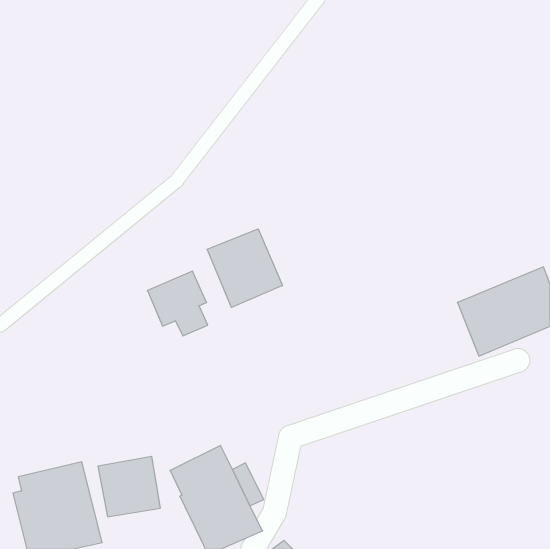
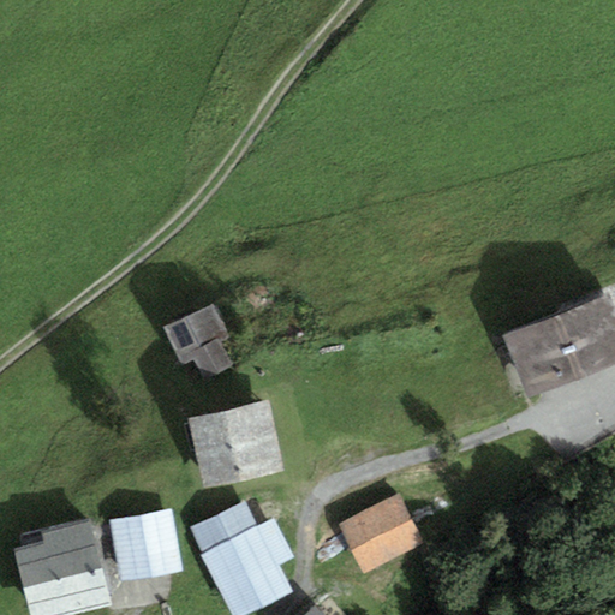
building: [207,229,283,307] -> none
building: none -> [192,404,280,485]
building: none -> [340,494,422,571]

